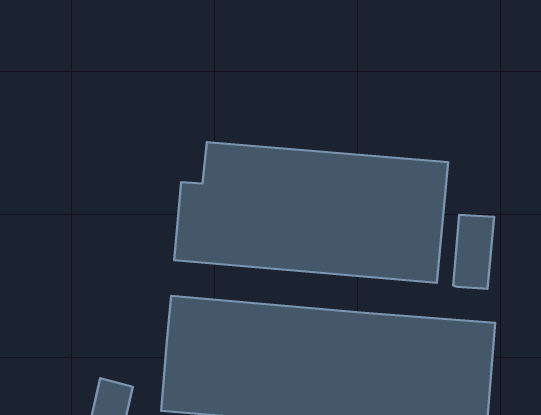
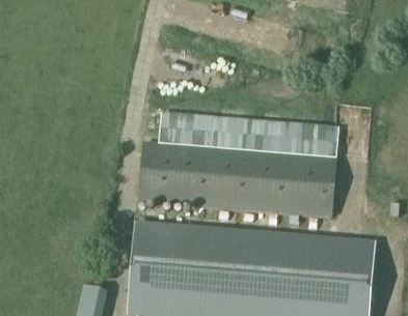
building: [453,215,494,289] -> none

